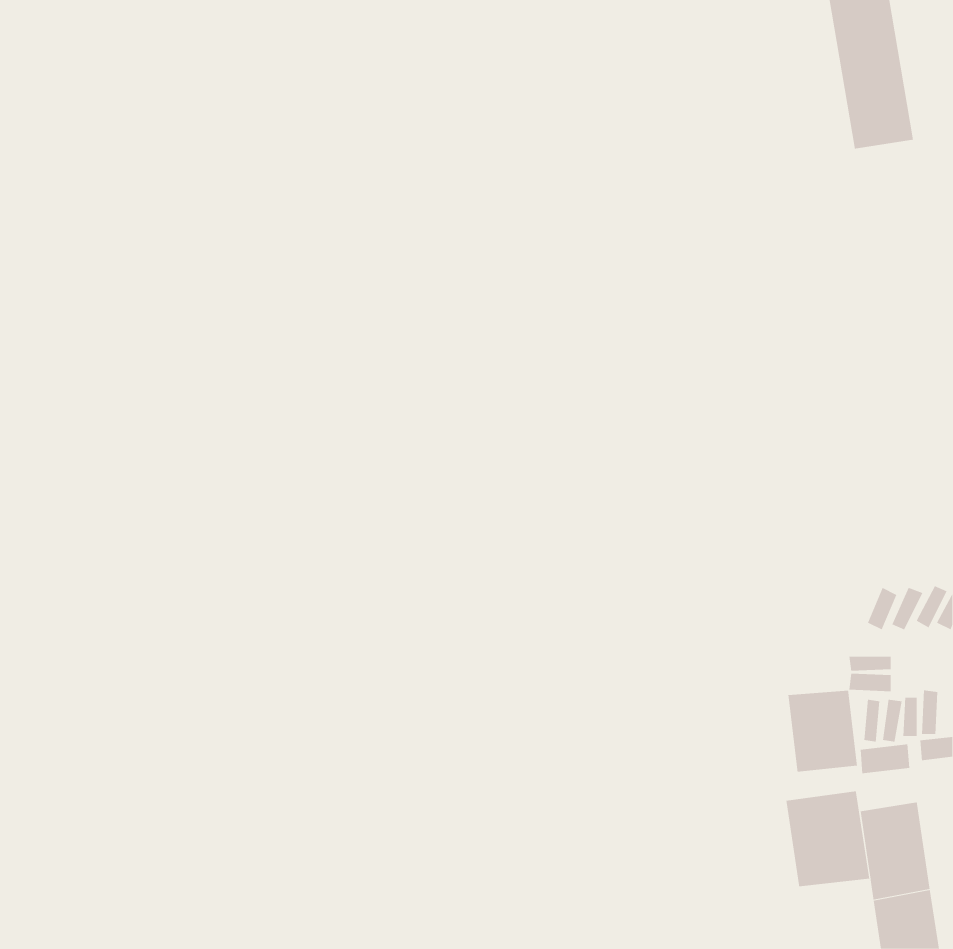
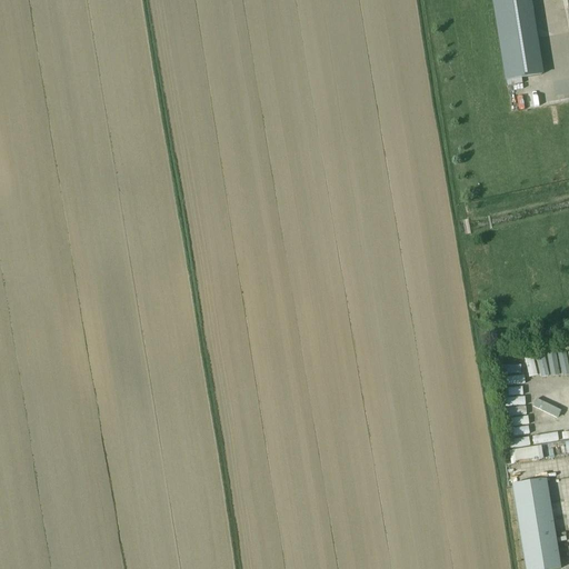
building: [788,690,857,772] -> none
building: [786,790,870,887] -> none

